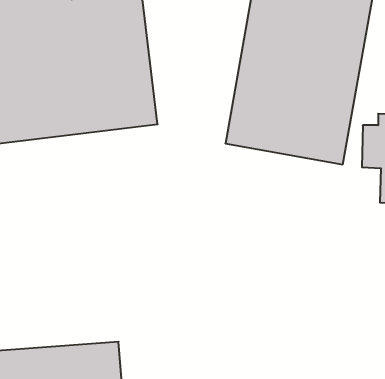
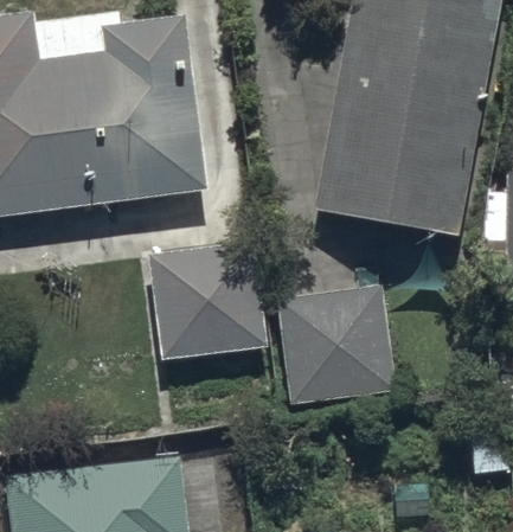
building: none -> [149,244,264,358]
building: none -> [276,277,392,403]

